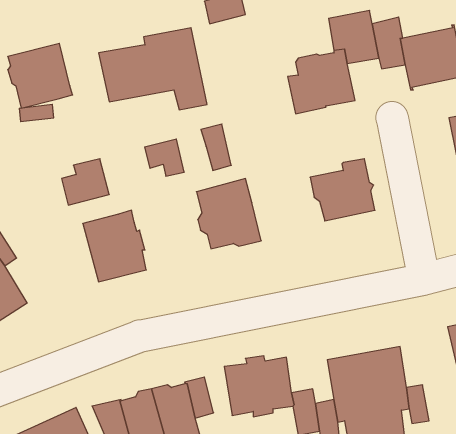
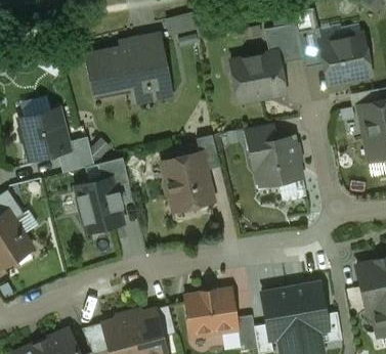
building: [8,43,73,108] -> [18,109,69,160]
building: [201,124,231,170] -> [196,135,219,171]
building: [145,139,184,176] -> [97,158,128,186]
building: none -> [245,123,275,151]

